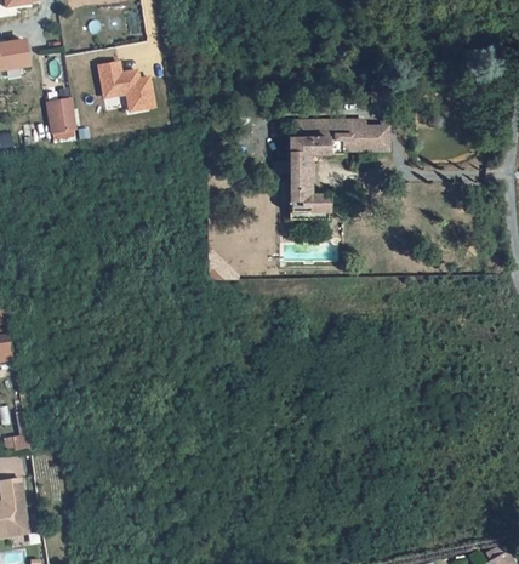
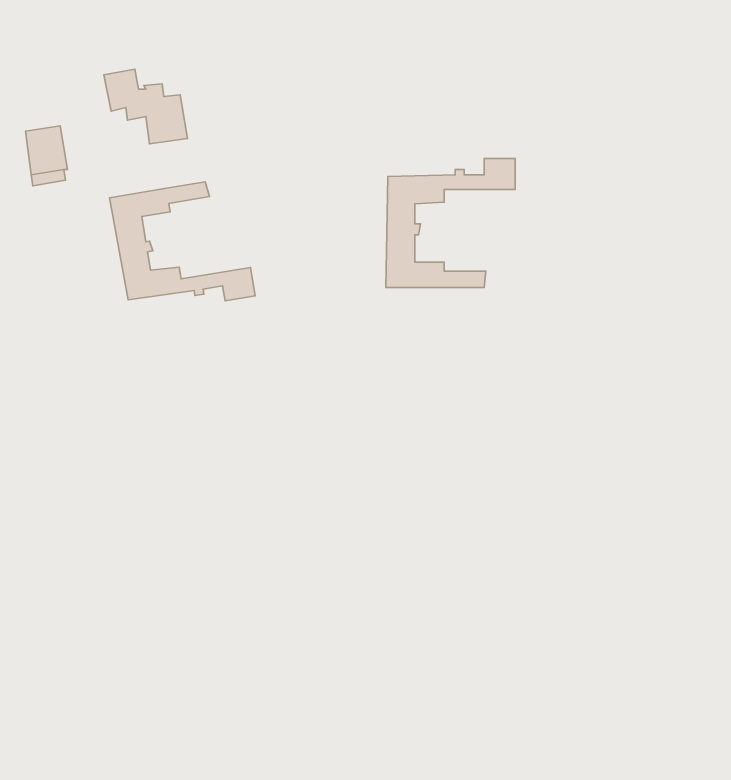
building: none -> [109,182,255,301]

